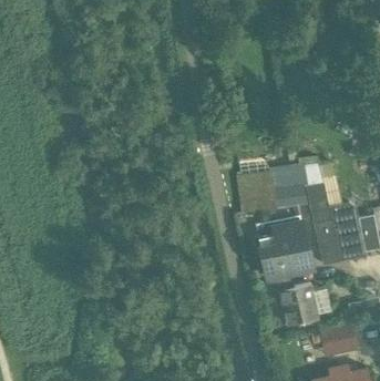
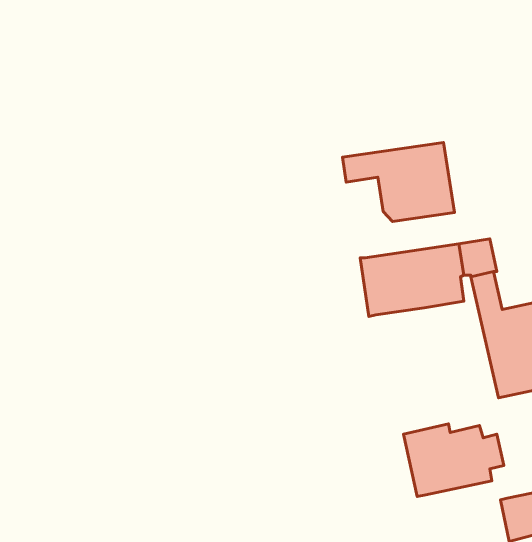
building: none -> [343,142,455,221]
building: [259,216,312,278] -> none

